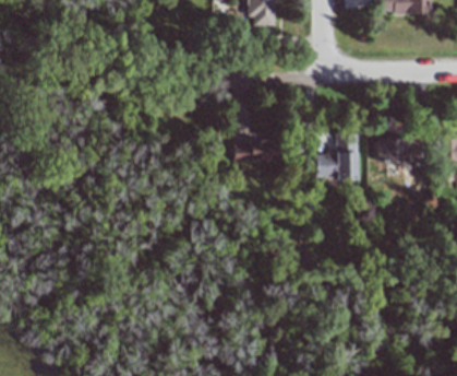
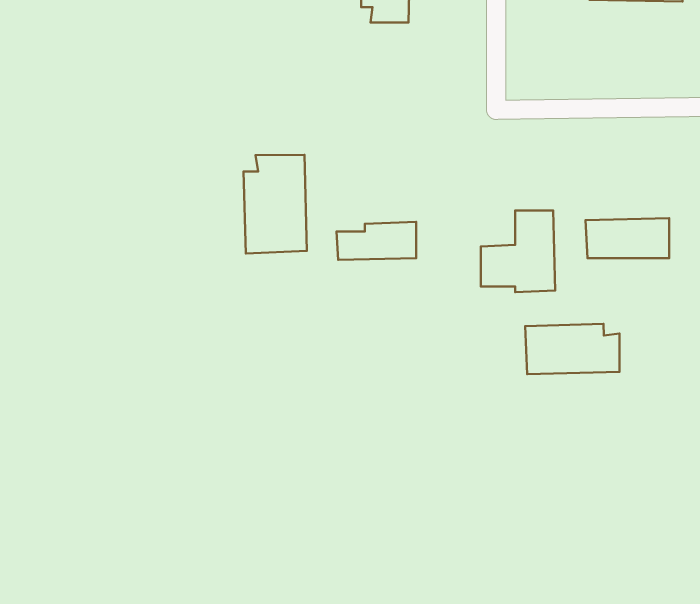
building: none -> [243,155,307,253]
building: none -> [525,324,619,374]

